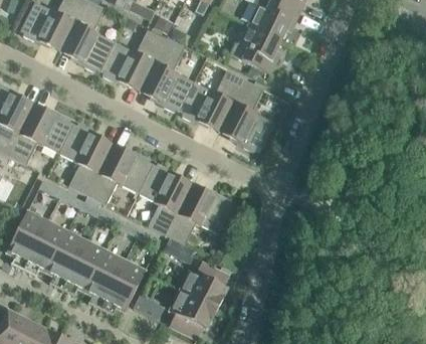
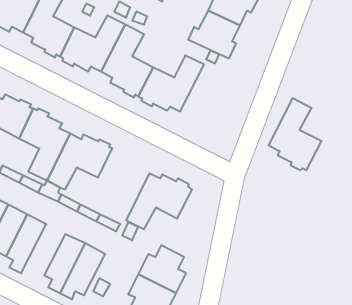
building: [221,78,274,151] -> [269,98,322,170]
building: [139,163,190,235] -> none
building: [61,239,105,295] -> none

